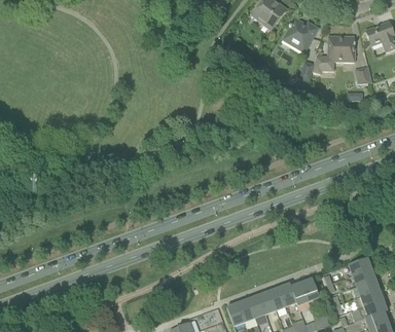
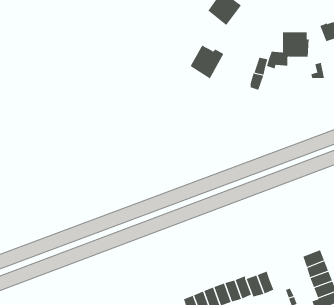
building: [283,17,318,52] -> [190,45,224,79]

